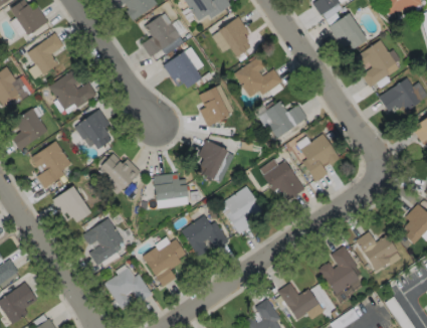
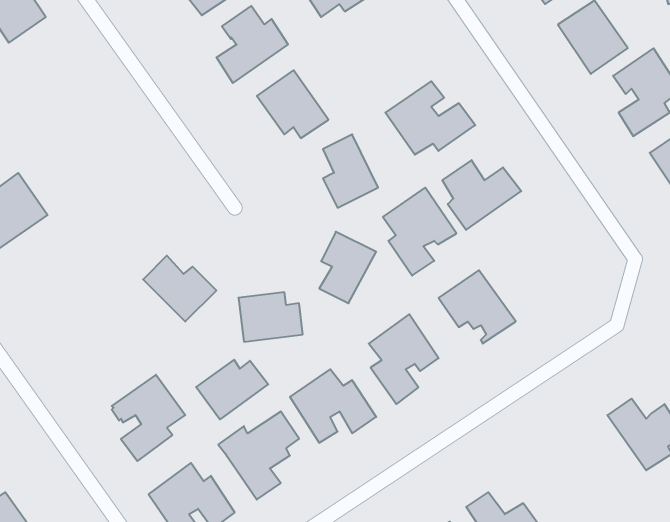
building: [218,17,251,58] -> none
building: [27,33,63,75] -> none
building: [48,70,96,111] -> none
building: [79,109,112,150] -> none
building: [299,134,340,182] -> [383,188,456,276]
building: [31,141,71,188] -> none
building: [52,186,90,222] -> none
building: none -> [196,360,268,419]
building: [317,245,359,294] -> none

